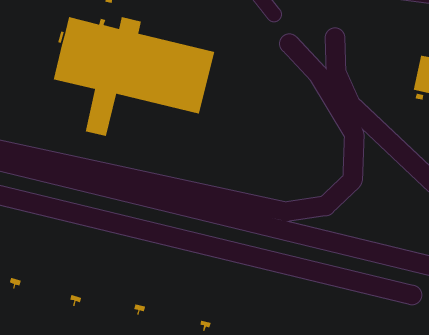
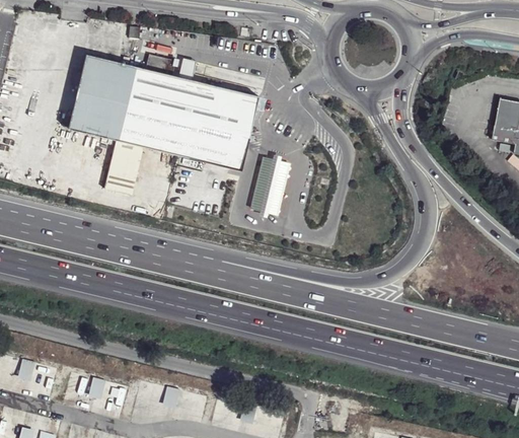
building: none -> [249,158,290,215]

